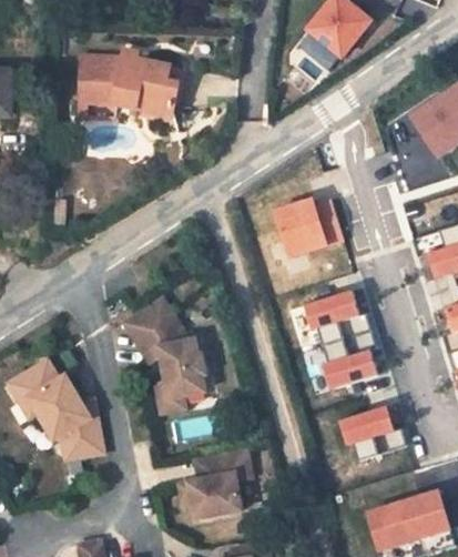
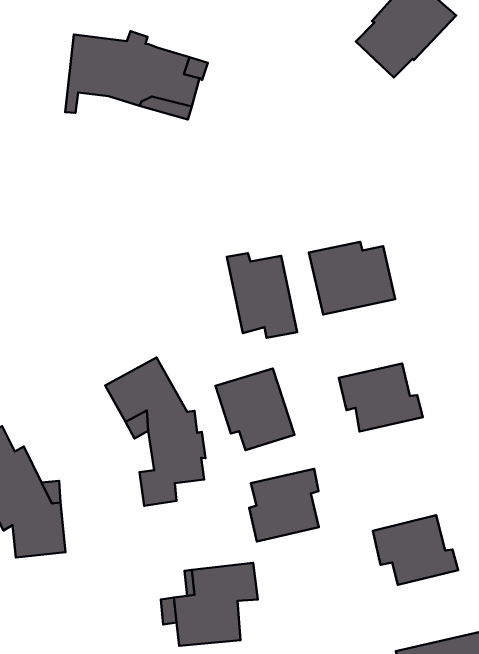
building: none -> [227,253,297,338]
building: none -> [215,369,295,450]
building: [322,330,376,388] -> [249,469,319,542]

